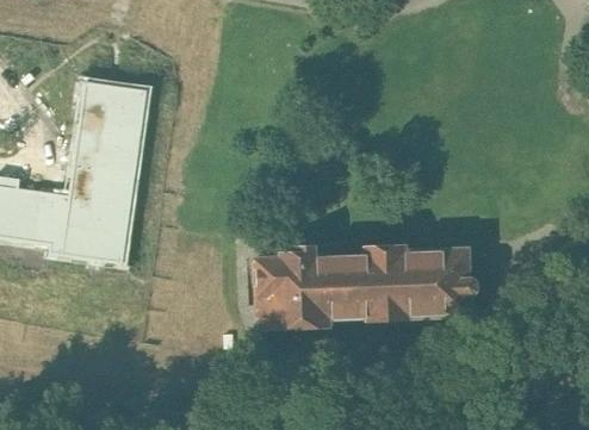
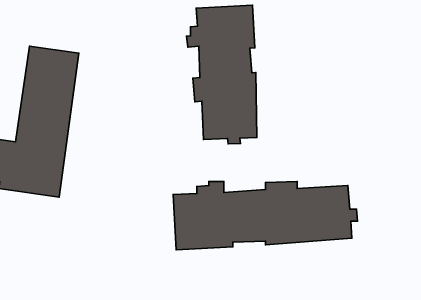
building: none -> [186,5,257,144]

